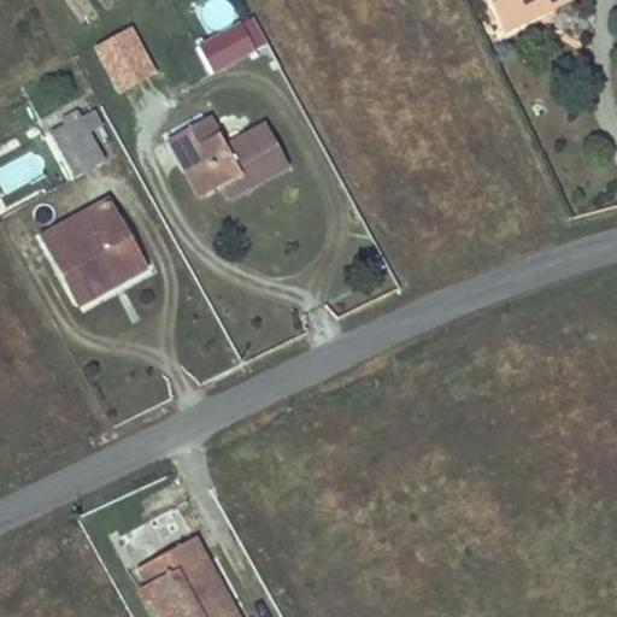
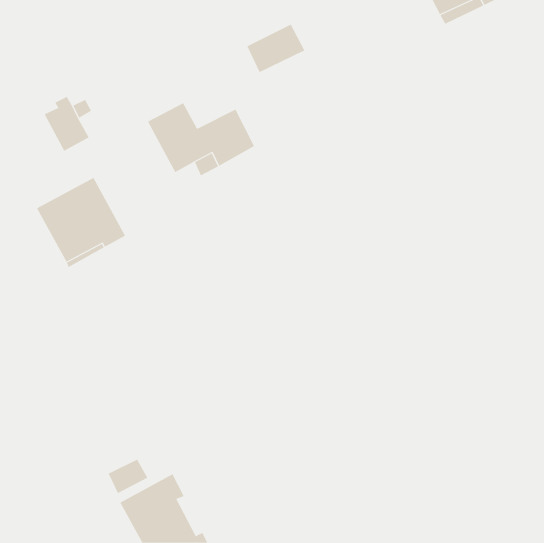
building: [204,18,270,74] -> [246,24,305,73]
building: [96,27,153,88] -> none

